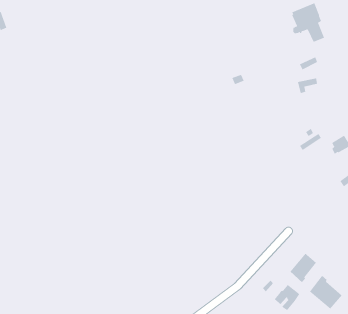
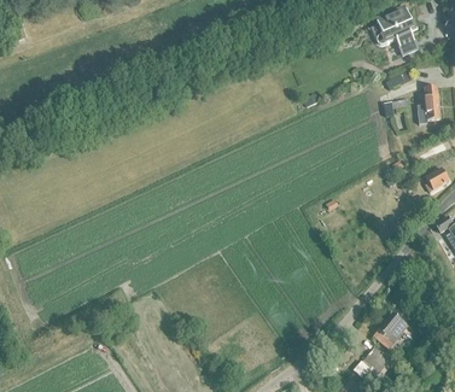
building: none -> [418,86,439,123]
building: [309,275,343,310] -> none

